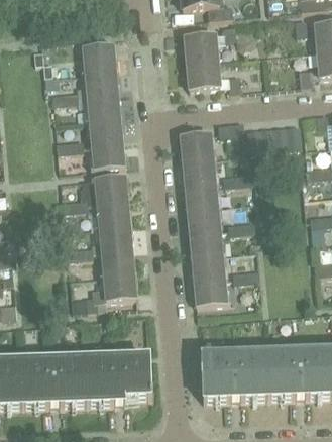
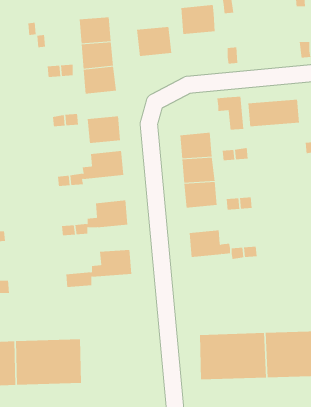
building: [185,54,220,84] -> [136,27,172,56]
building: [89,113,122,140] -> none
building: [180,129,212,156] -> none
building: [87,196,129,223] -> none
building: [188,225,221,252] -> none
building: [101,244,133,270] -> none
building: [193,273,225,301] -> none
building: [85,354,151,400] -> none

